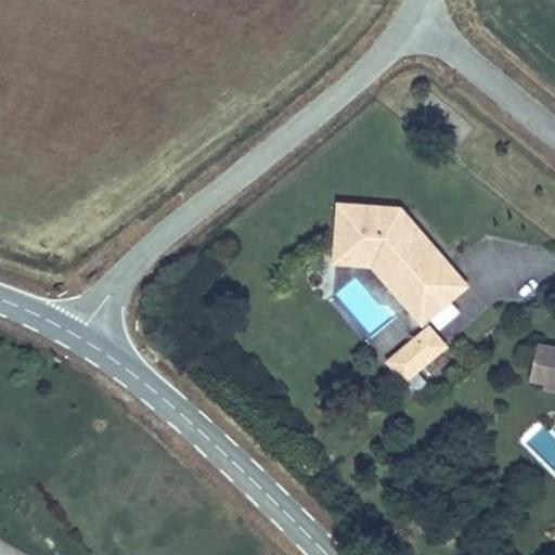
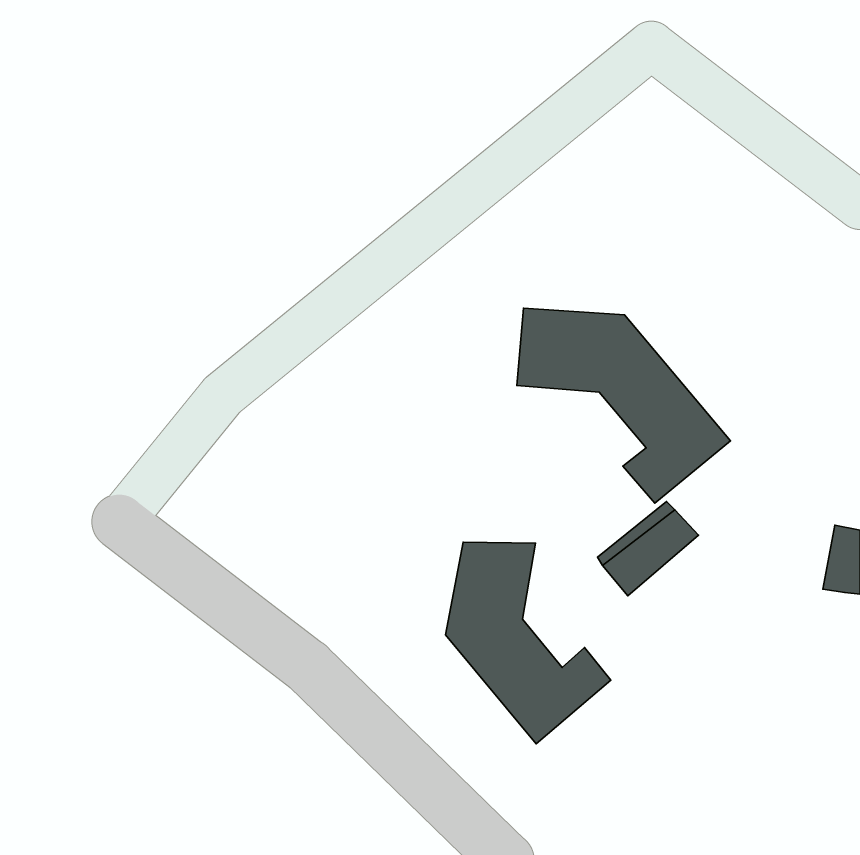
building: [331,251,416,304] -> none
building: none -> [446,542,611,744]

